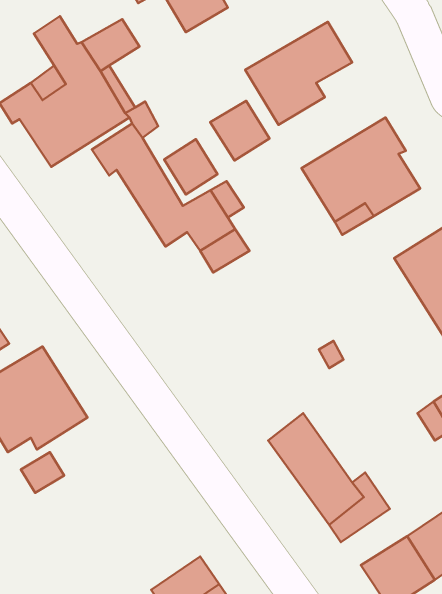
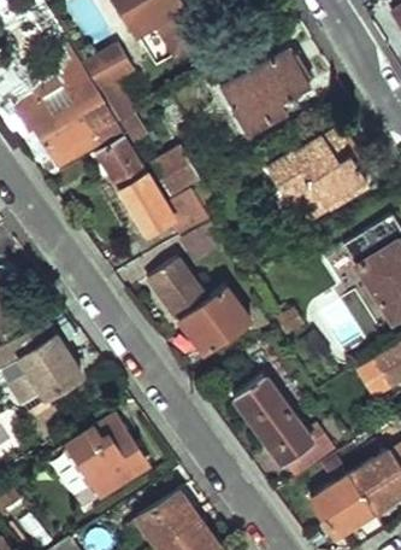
building: [210,101,270,161] -> none
building: none -> [152,259,244,355]
building: none -> [64,412,152,503]

